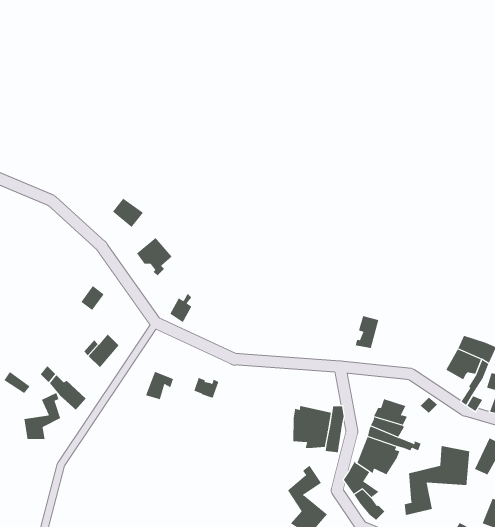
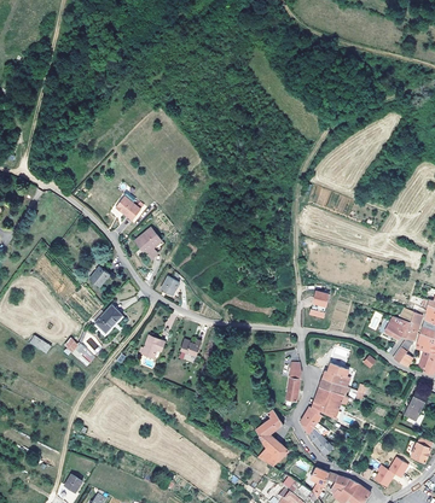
building: [24,392,61,440] -> none
building: [293,405,331,449] -> none
building: [404,445,470,516] -> none

